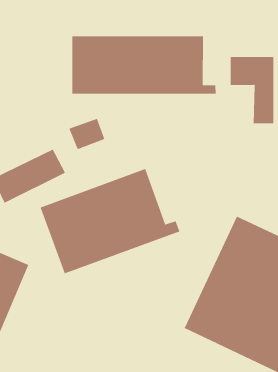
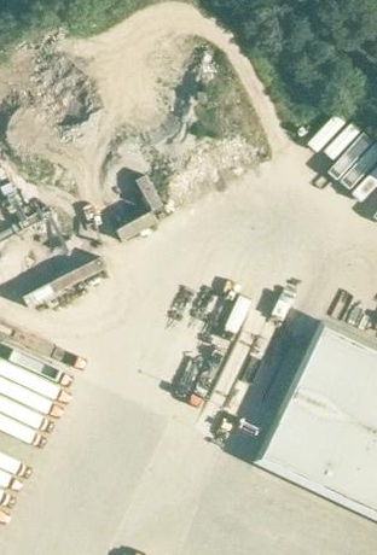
building: [72,36,216,95] -> none
building: [40,168,180,274] -> none

